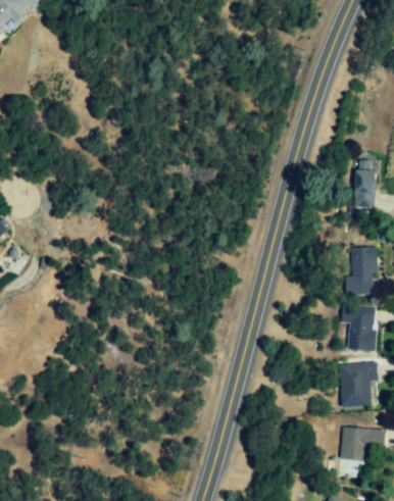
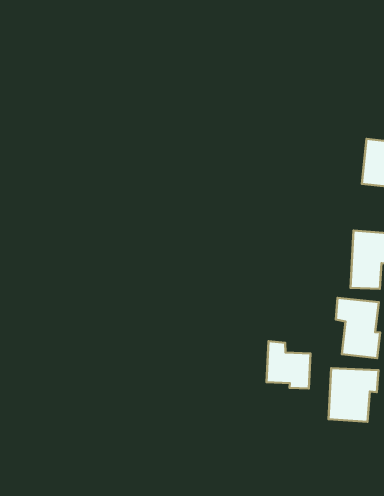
building: none -> [267,341,310,388]
building: [338,427,376,460] -> none

